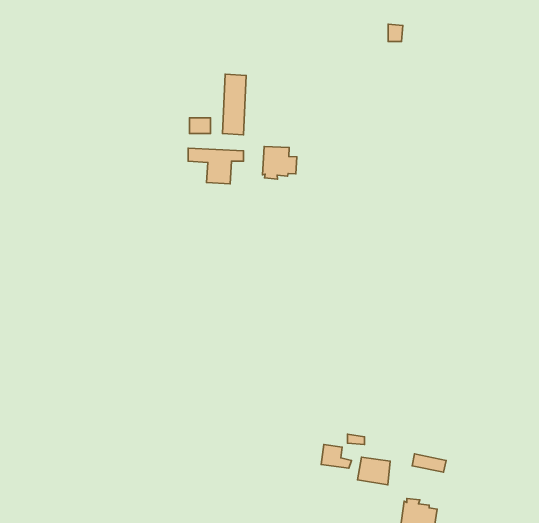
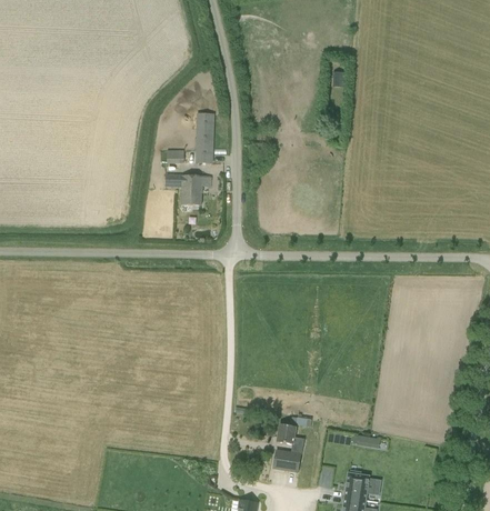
building: [262,146,297,179] -> none
building: [357,457,390,485] -> [272,450,300,473]

